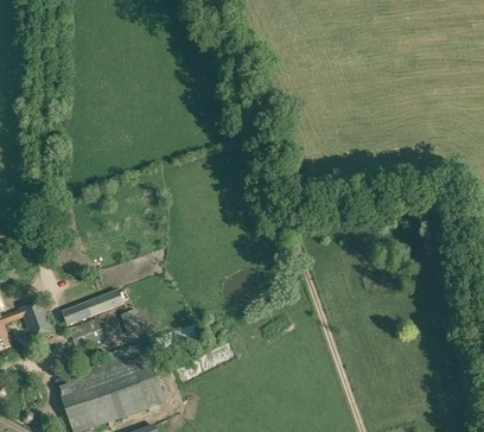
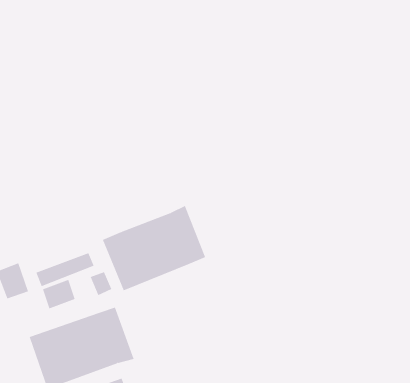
building: none -> [102,205,206,291]

